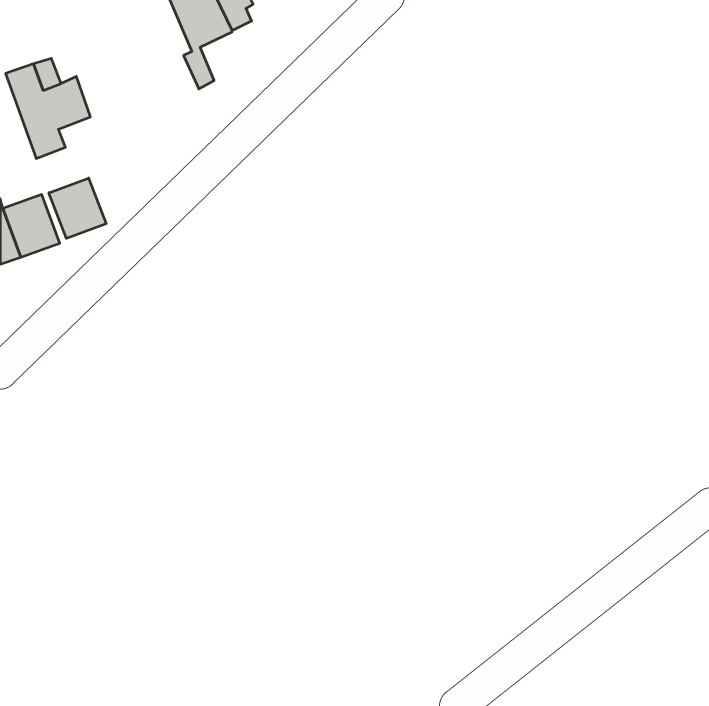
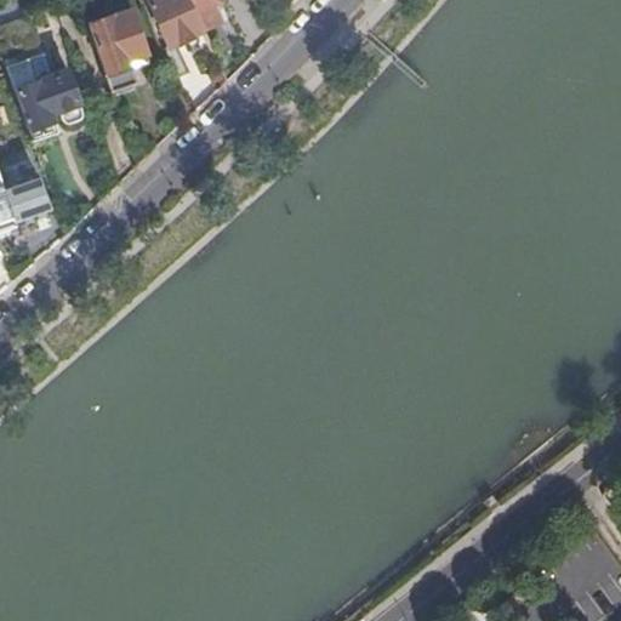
building: none -> [90,7,148,91]
building: [49,178,106,238] -> none

